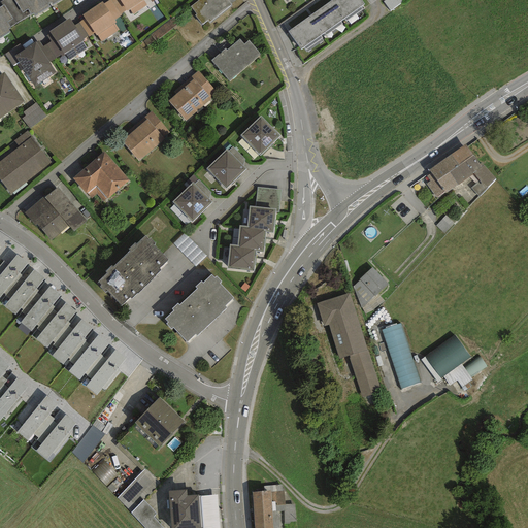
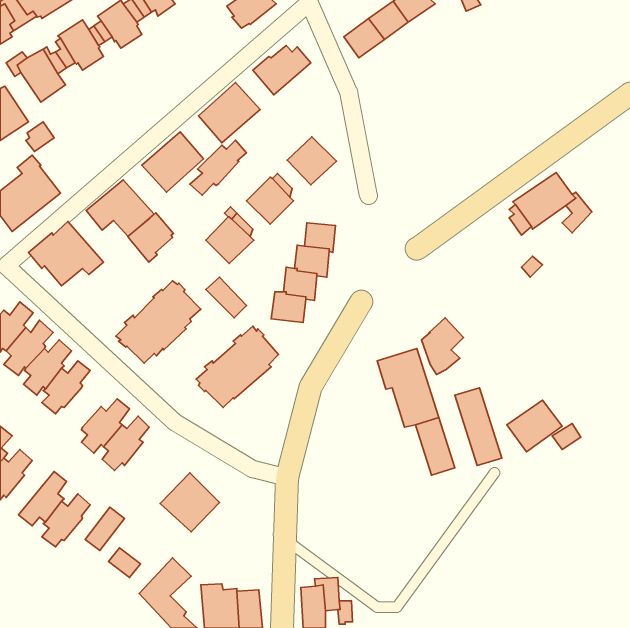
building: none -> [190,140,247,195]
building: none -> [128,213,173,262]
building: [52,319,92,363] -> none

